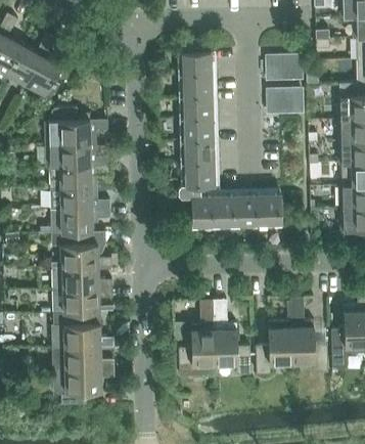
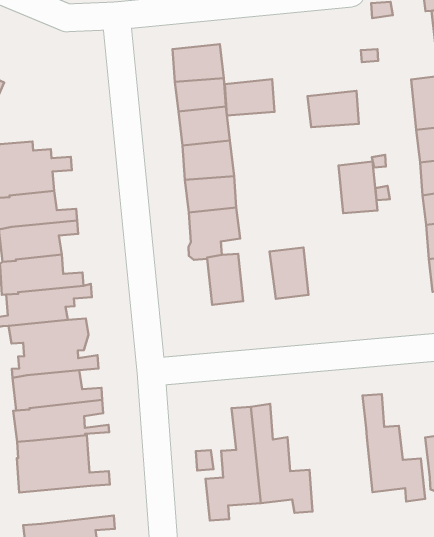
building: [268,55,301,78] -> [225,79,275,115]
building: [258,192,282,226] -> [338,162,378,213]
building: [213,194,236,227] -> none
building: [257,320,292,373] -> none
building: [51,346,115,369] -> none

